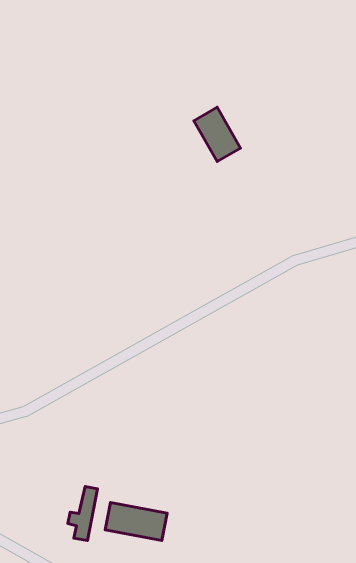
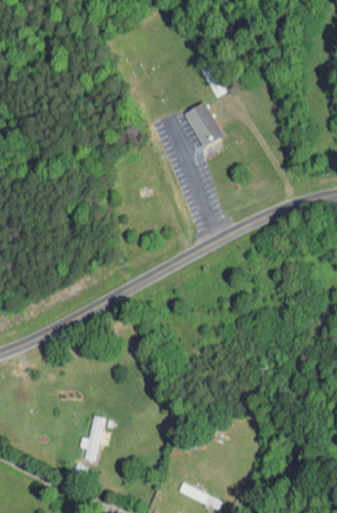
building: [105,502,167,541] -> none

